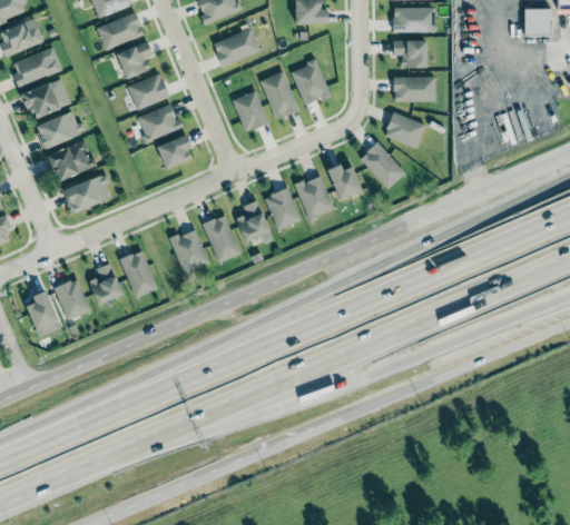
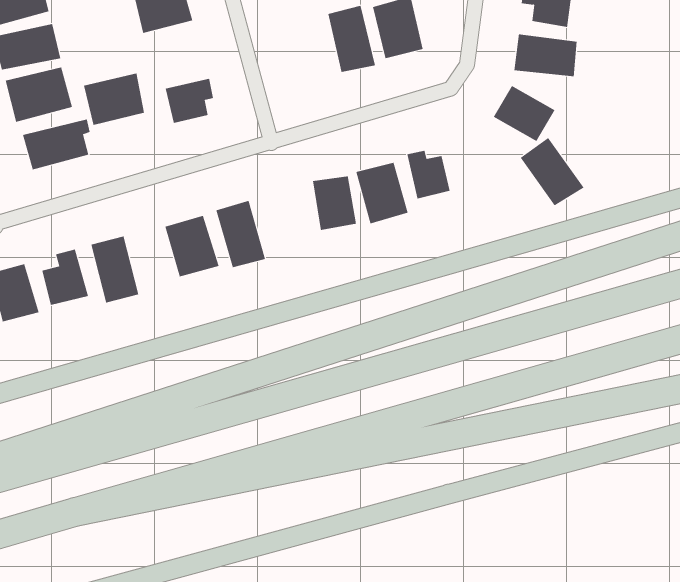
building: [232,90,268,132] -> none
building: [136,103,180,143] -> [83,73,145,126]
building: [358,142,405,189] -> [520,137,584,206]
building: [235,200,272,242] -> none

